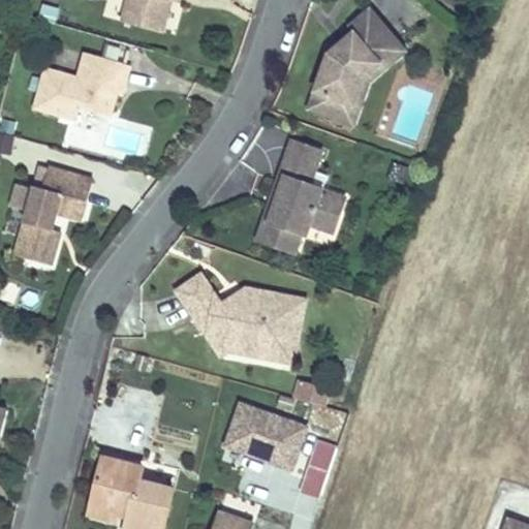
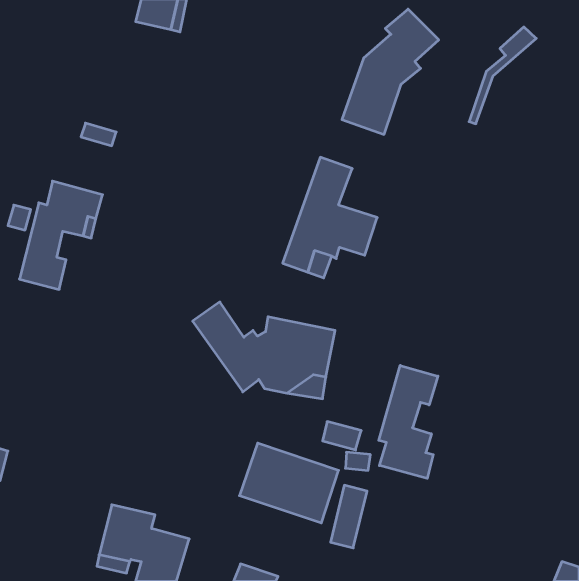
building: [348,36,409,124] -> [469,27,536,124]
building: [32,51,126,117] -> none
building: none -> [379,365,438,478]

